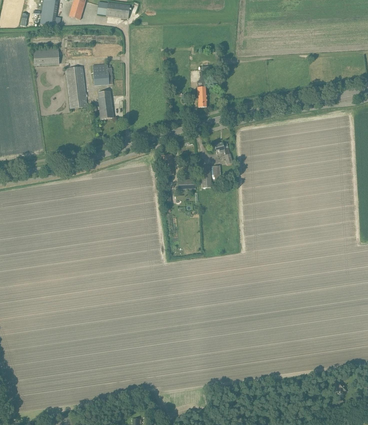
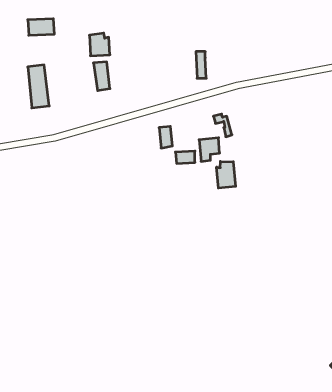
building: [66,65,87,107] -> [28,65,49,108]
building: none -> [217,161,236,188]

